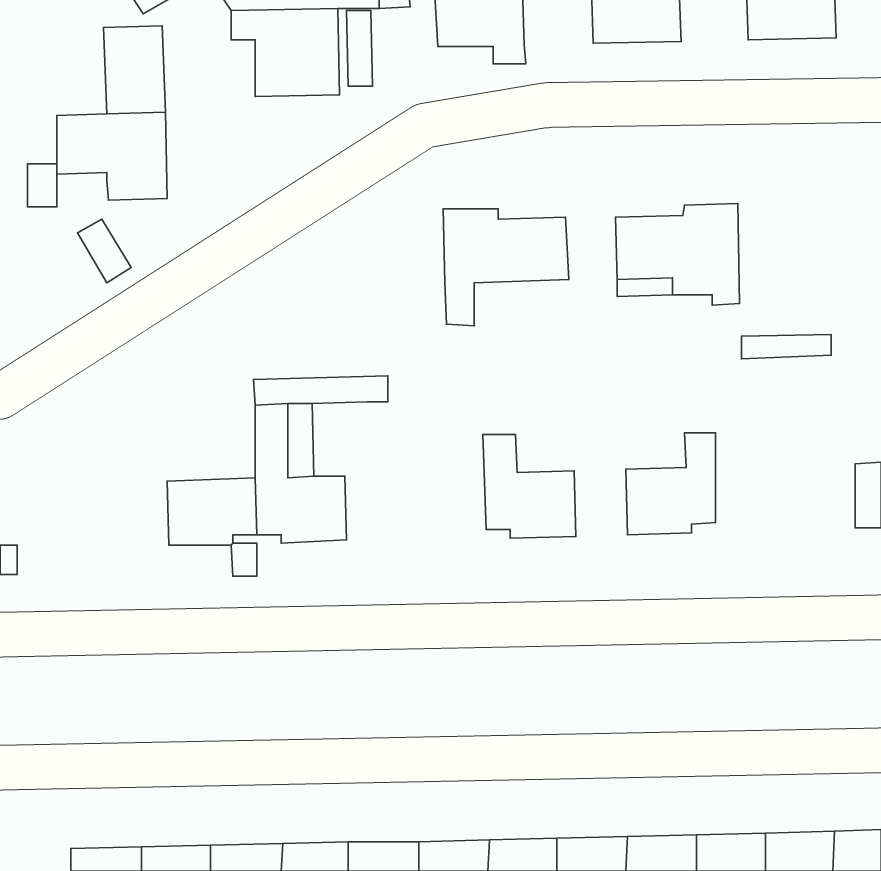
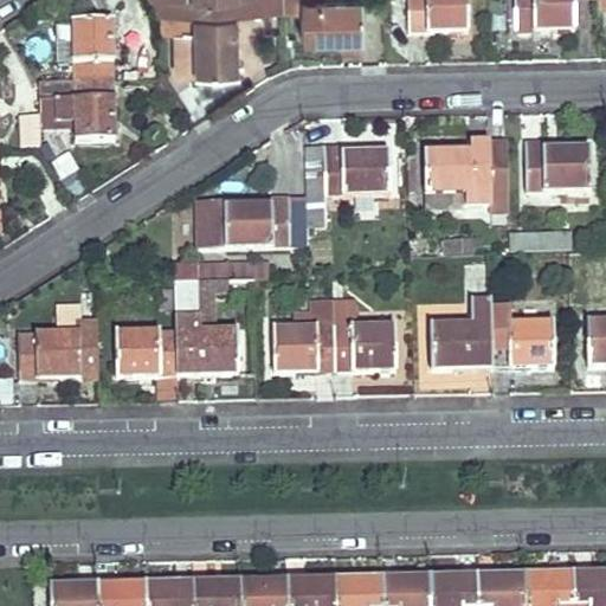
building: none -> [524,138,589,188]
building: none -> [198,194,307,246]
building: none -> [491,296,552,365]
building: none -> [271,298,334,370]
building: none -> [18,320,98,375]

